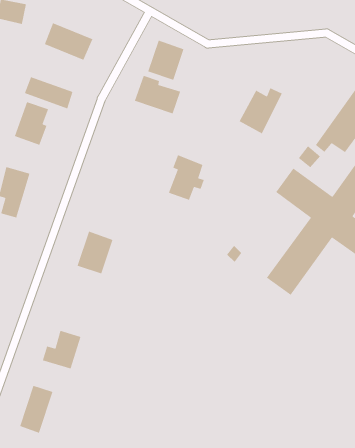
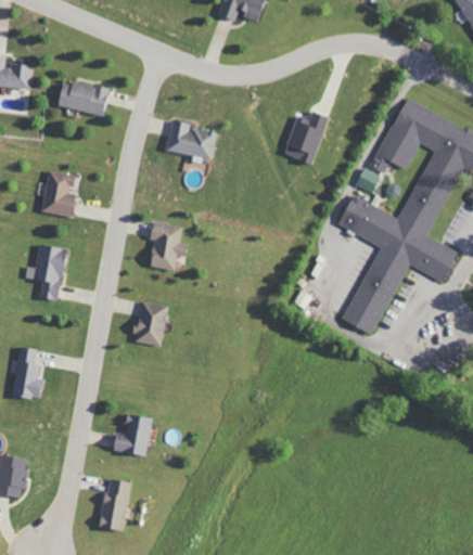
building: [147,39,185,81] -> none
building: [24,76,74,109] -> none
building: [168,154,205,201] -> [149,221,187,270]

